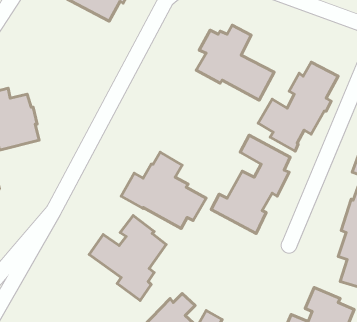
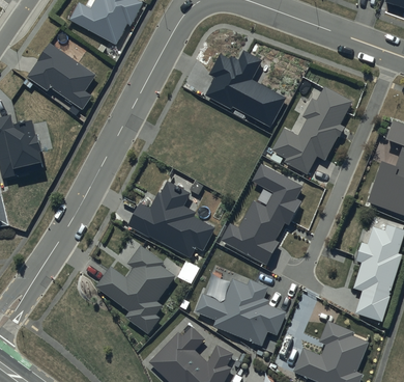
building: none -> [26,44,95,110]
building: none -> [195,278,286,346]

